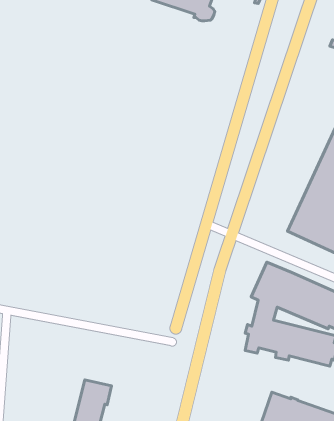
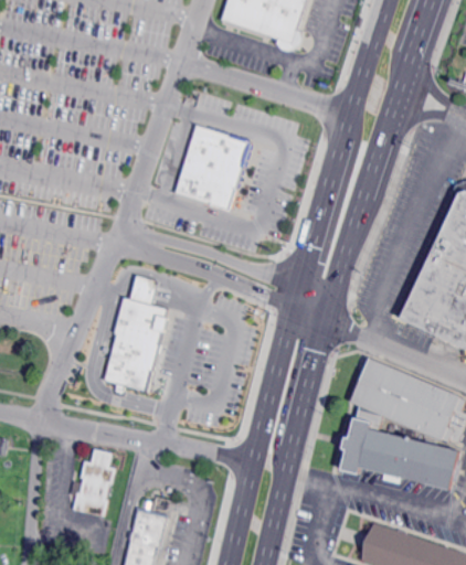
building: none -> [177,125,251,209]
building: none -> [103,274,167,391]
building: none -> [70,449,115,516]

